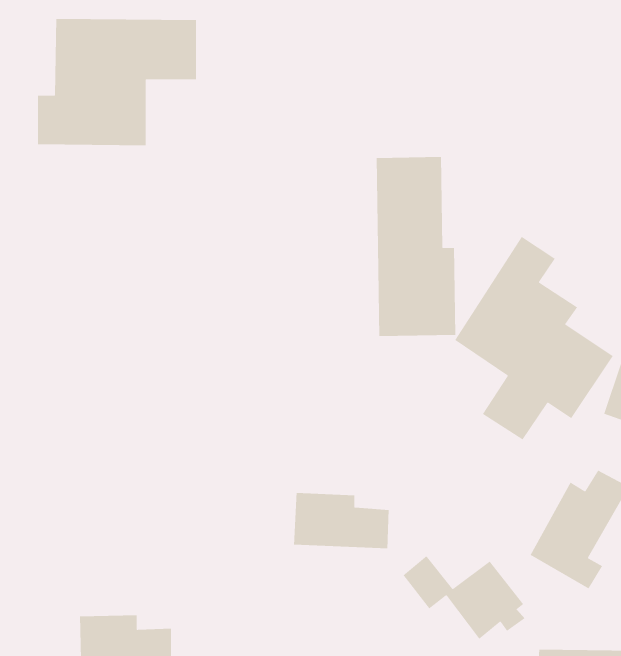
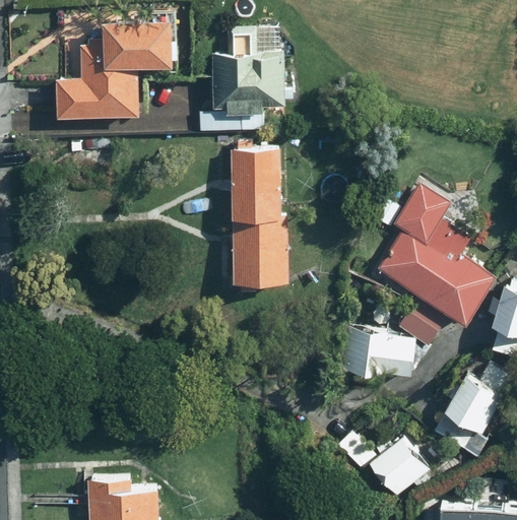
building: none -> [197,28,284,133]
building: [376,156,456,337] -> [231,145,293,284]
building: [293,492,389,549] -> [341,328,415,372]

